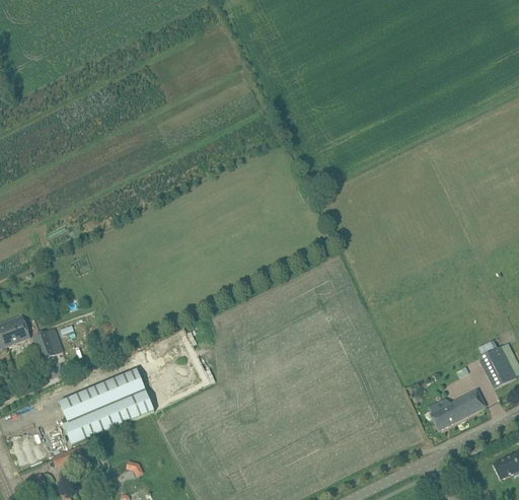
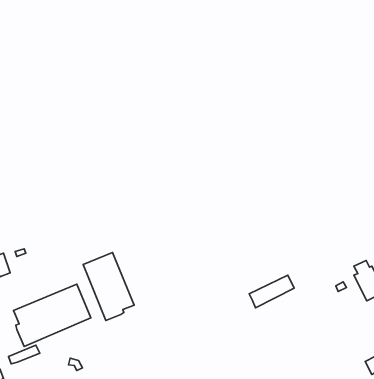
building: none -> [83,252,134,321]
building: [430,389,486,430] -> [249,275,294,308]

